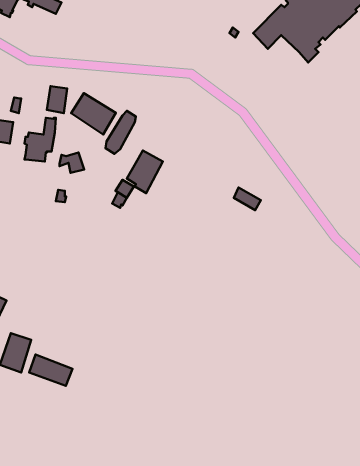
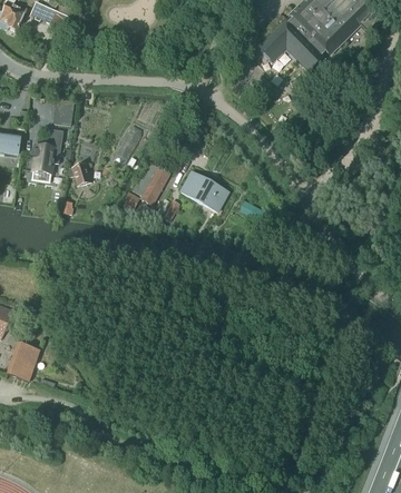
building: [71,93,116,134] -> none
building: none -> [180,171,227,211]
building: [29,354,72,386] -> none

